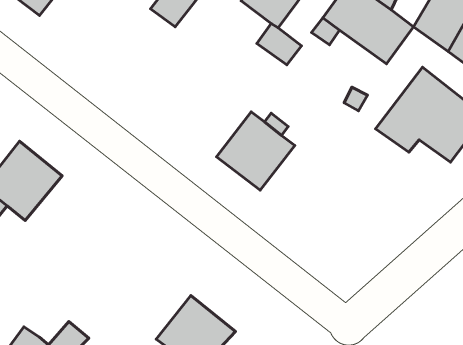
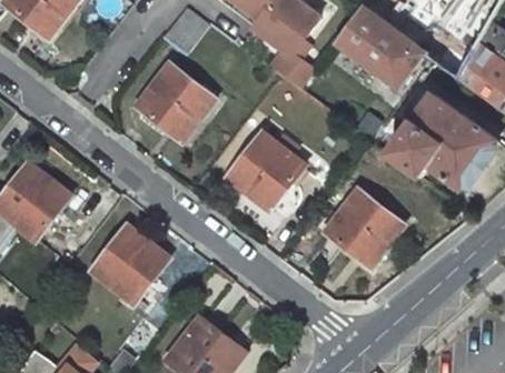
building: none -> [137,62,214,140]
building: none -> [325,184,403,263]
building: none -> [90,226,166,303]

